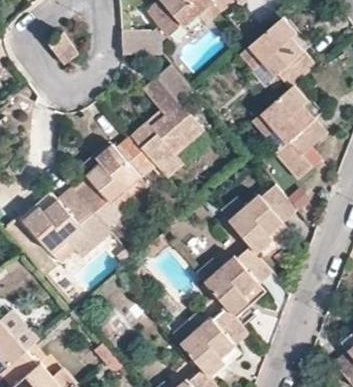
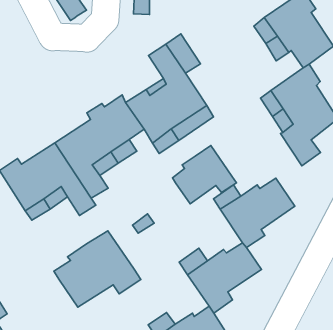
building: none -> [173,146,236,204]
building: none -> [54,231,141,307]

